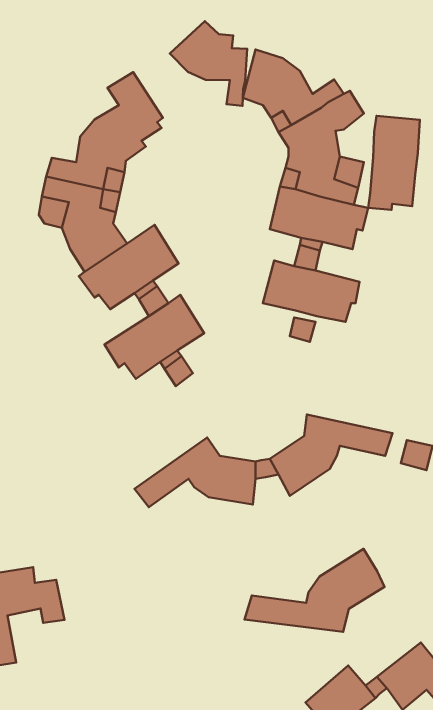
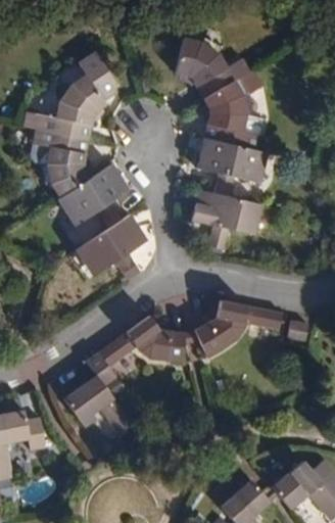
building: [170,21,247,106] -> none
building: [368,116,420,210] -> none
building: none -> [63,352,134,435]
building: [244,549,384,632] -> none

